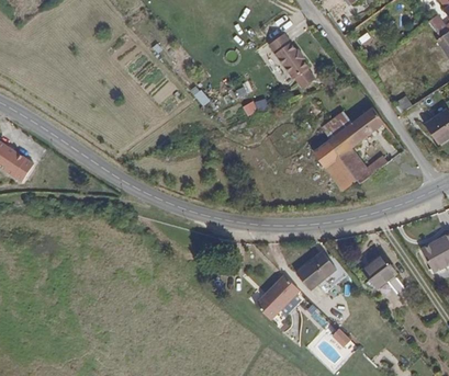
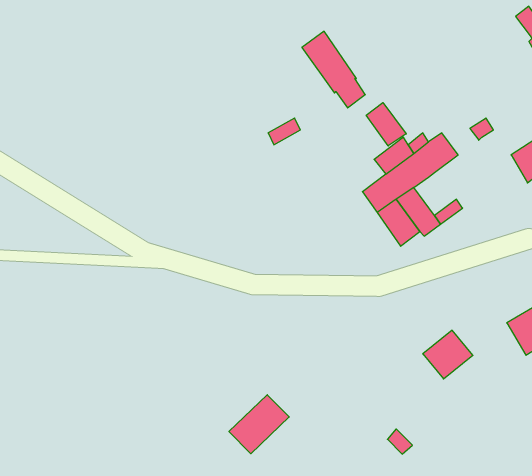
building: none -> [366,103,406,146]
building: [295,249,337,289] -> none
building: [256,275,301,319] -> [229,395,289,454]

